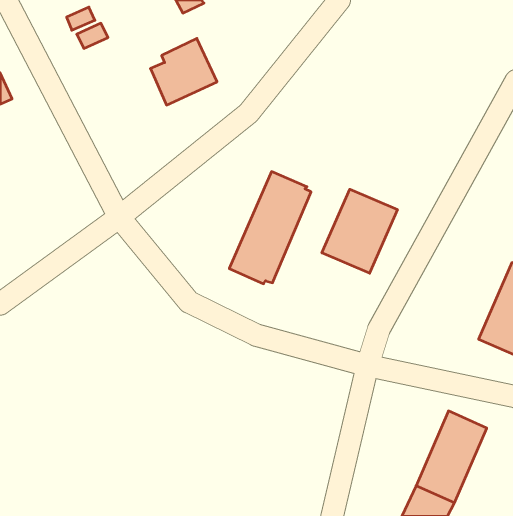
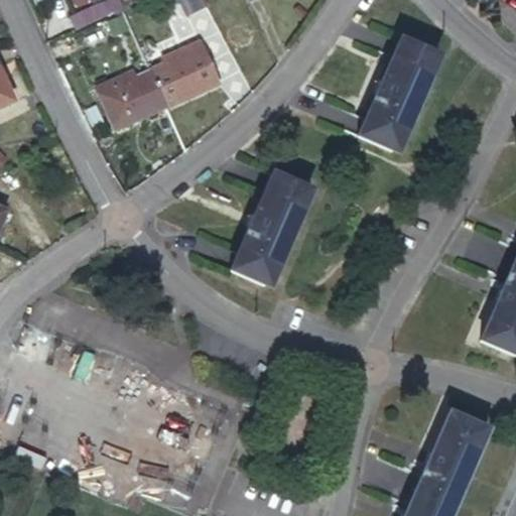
building: none -> [360,38,440,149]
building: none -> [100,69,169,128]
building: [322,189,397,273] -> none

